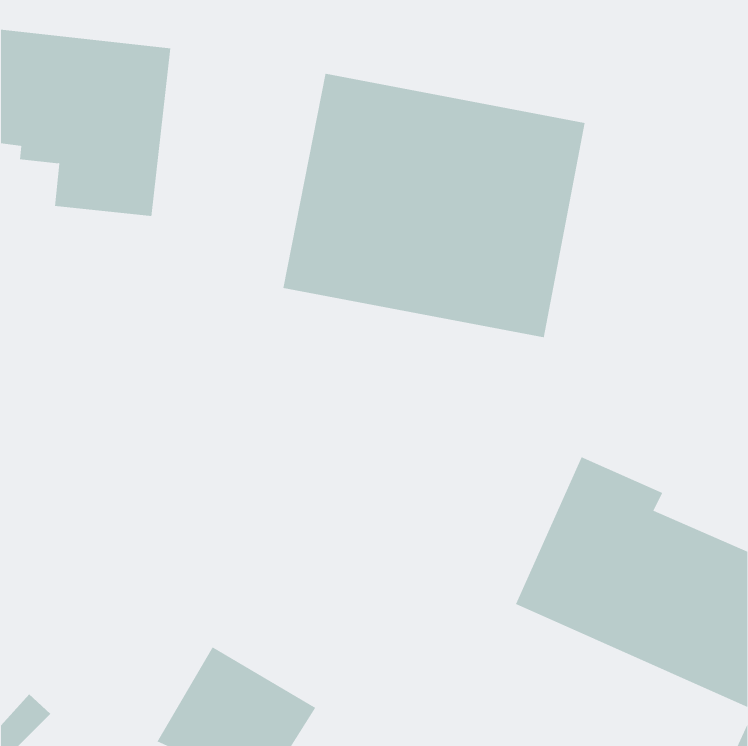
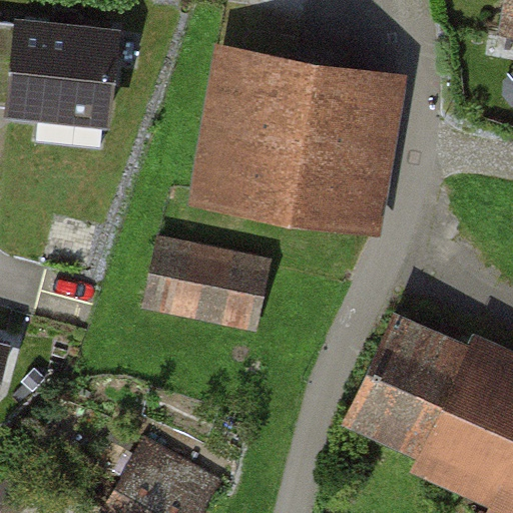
building: none -> [155,251,271,322]

